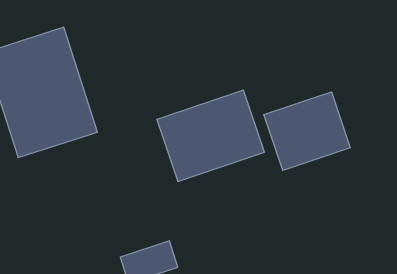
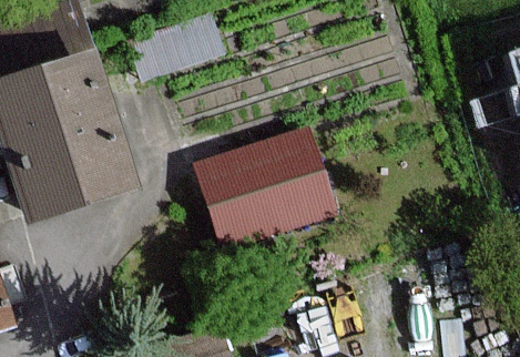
building: [264,92,350,171] -> none

